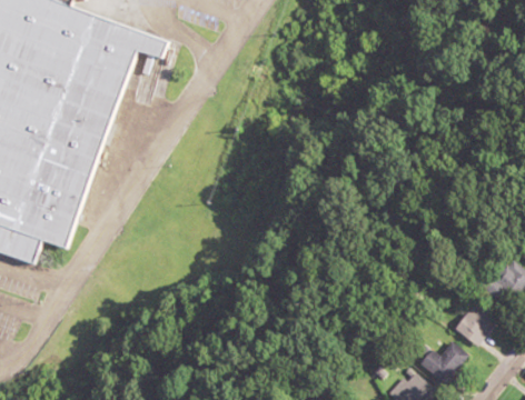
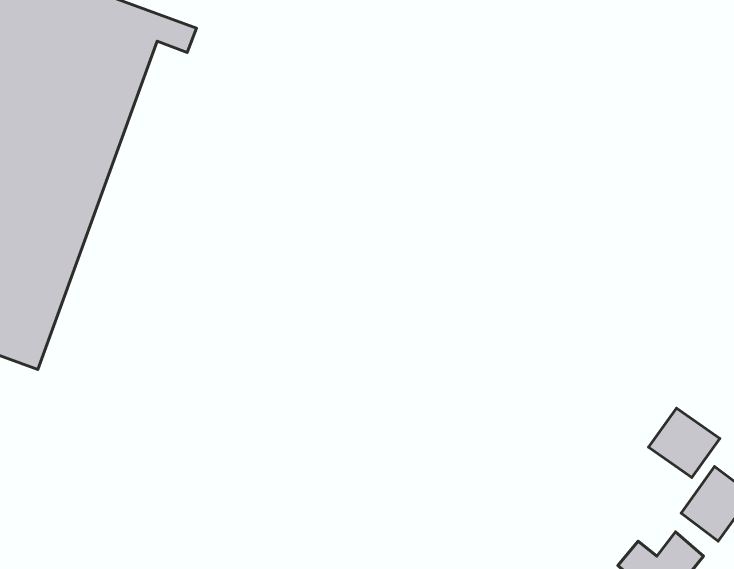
building: none -> [648,408,720,477]

